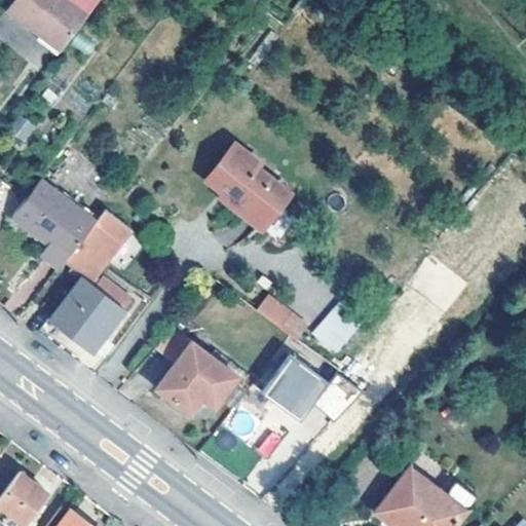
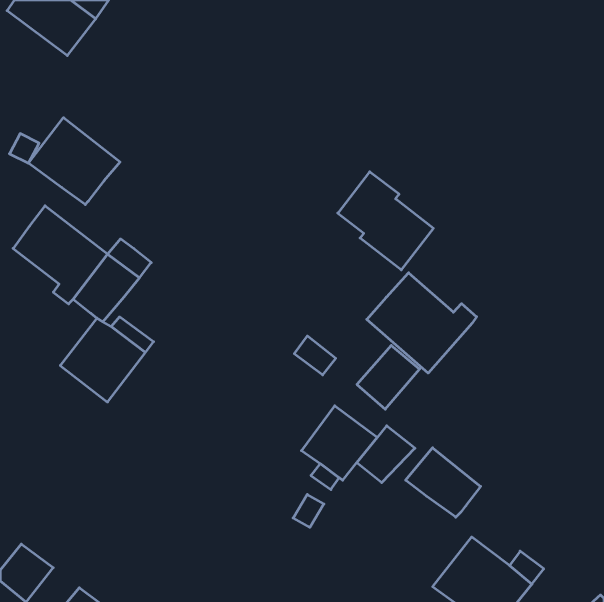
building: none -> [28,118,120,205]
building: [205,143,289,228] -> [338,172,433,270]
building: none -> [367,273,477,373]
building: [156,328,236,413] -> none
building: none -> [406,448,481,517]

